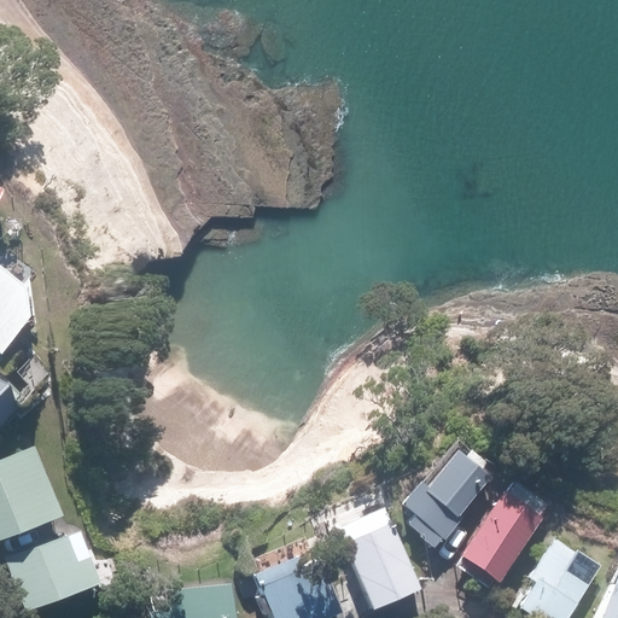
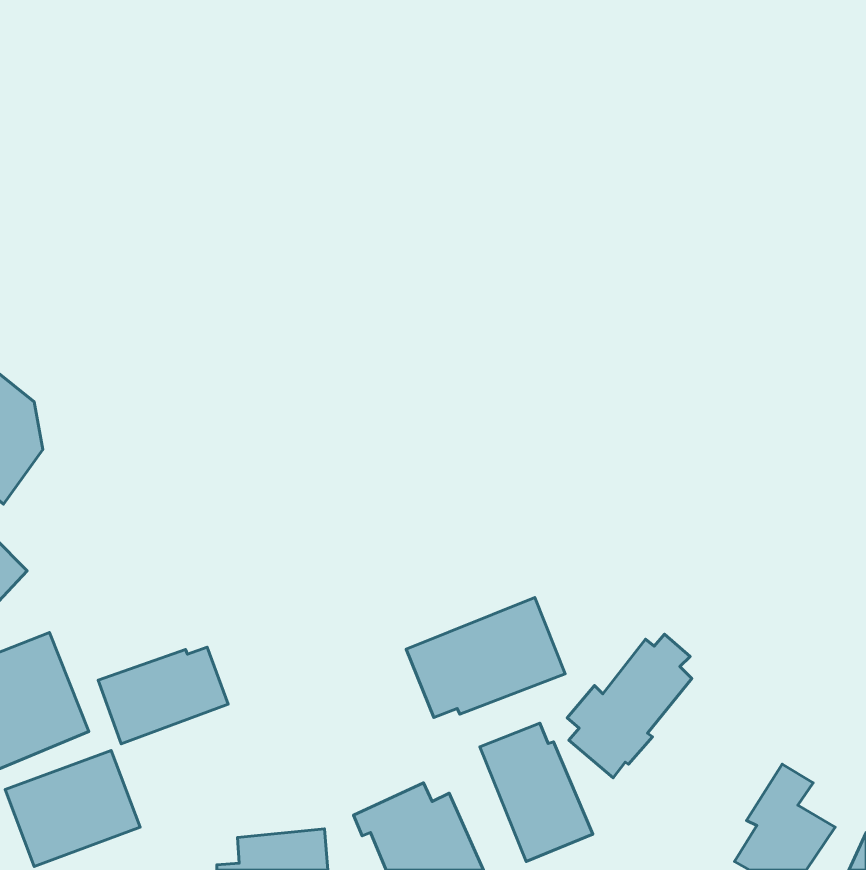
building: none -> [406,597,565,718]
building: none -> [98,647,228,744]
building: [459,491,542,583] -> none

